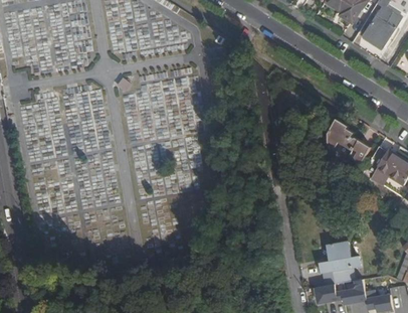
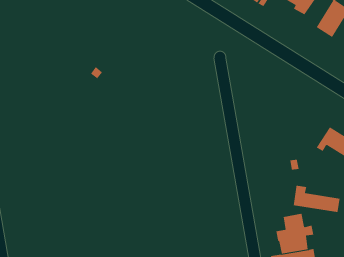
building: [326,118,369,162] -> none
building: none -> [293,185,340,213]

